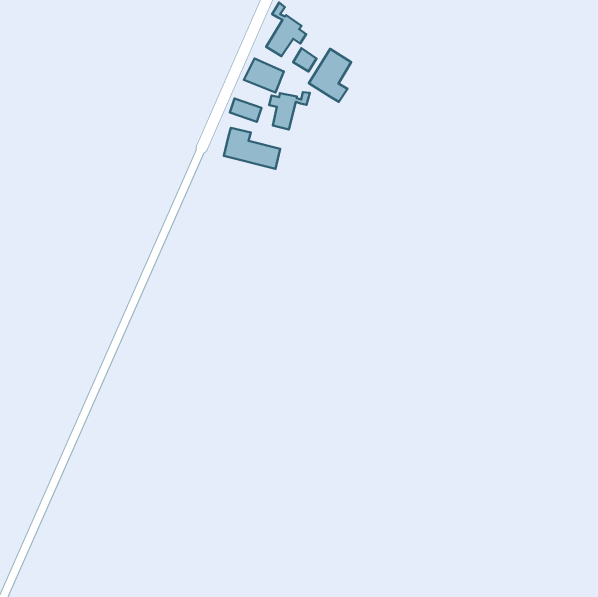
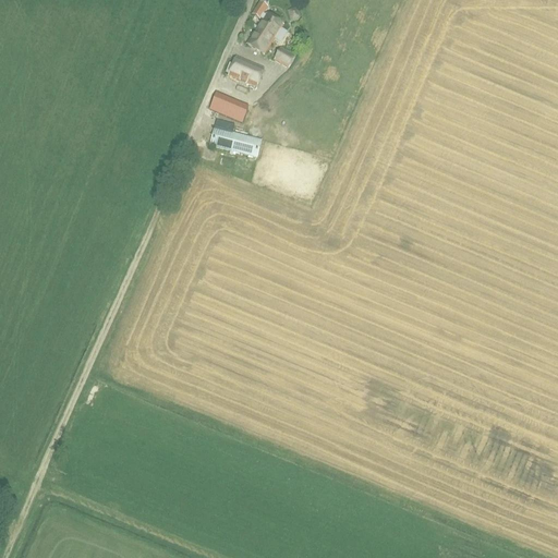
building: [309,49,351,102] -> none
building: [269,92,310,130] -> none

